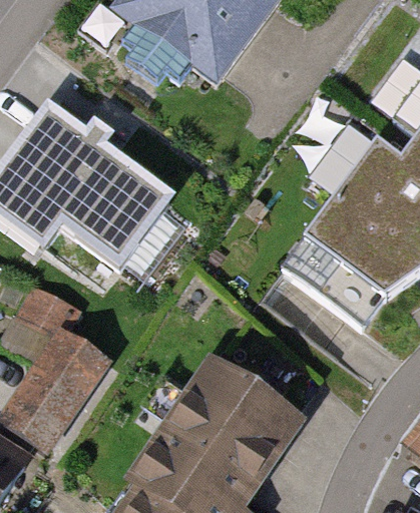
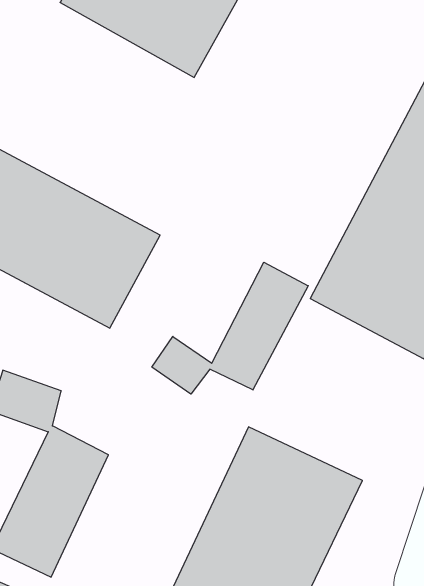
building: none -> [152,262,308,394]

